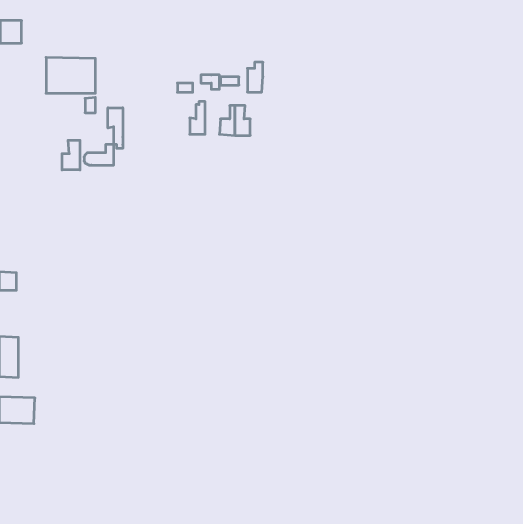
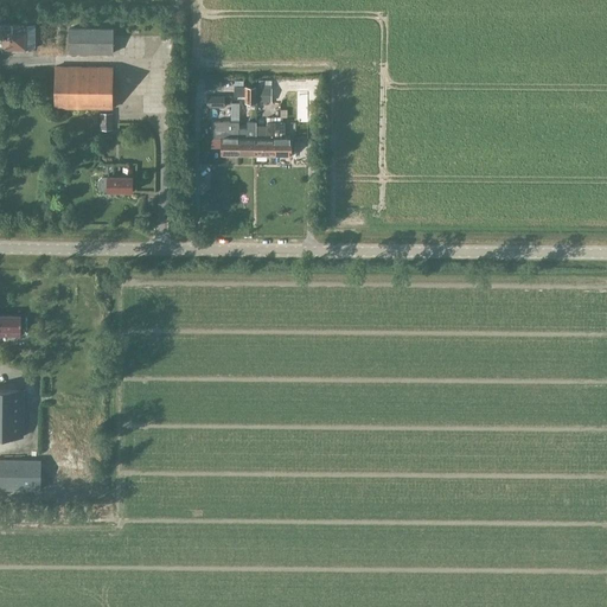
building: none -> [68,27,111,53]
building: [247,62,263,92] -> [237,121,255,155]
building: [108,108,123,148] -> none
building: [62,140,80,170] -> none

